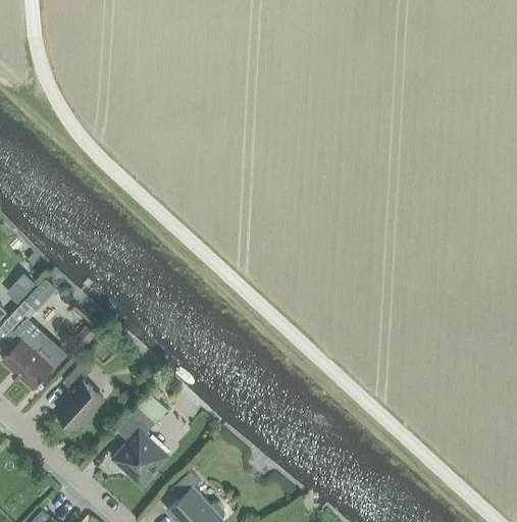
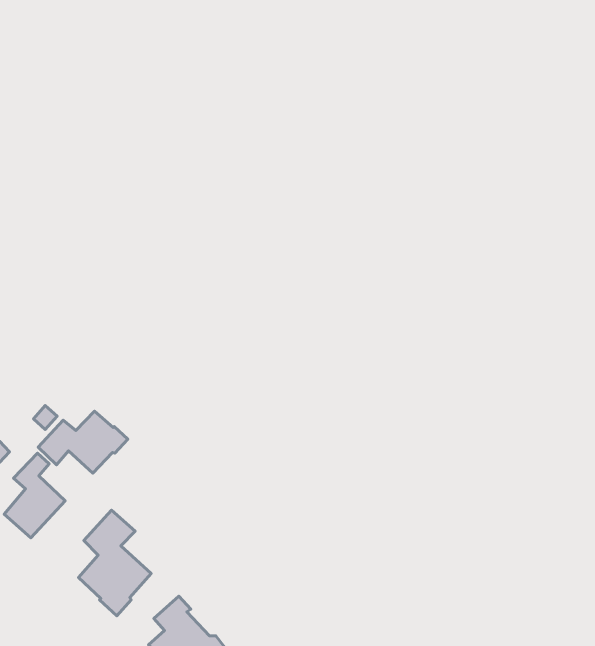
building: none -> [38,411,128,473]

